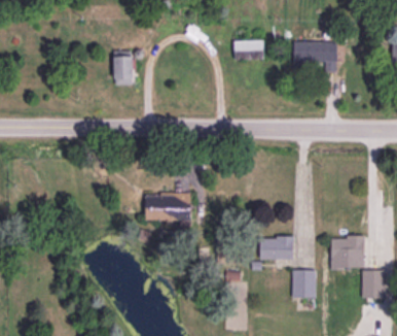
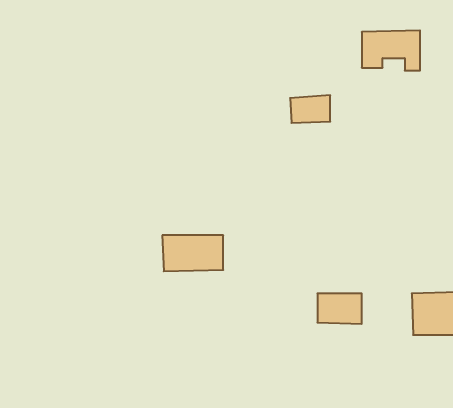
building: [233,39,263,60] -> [290,95,330,123]
building: [114,55,133,85] -> none
building: [292,270,316,298] -> none

